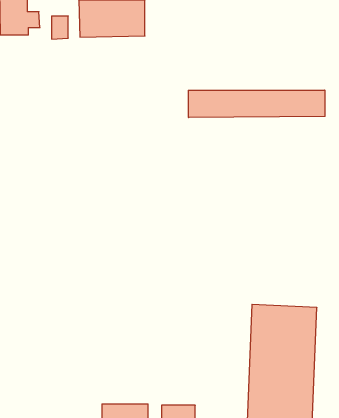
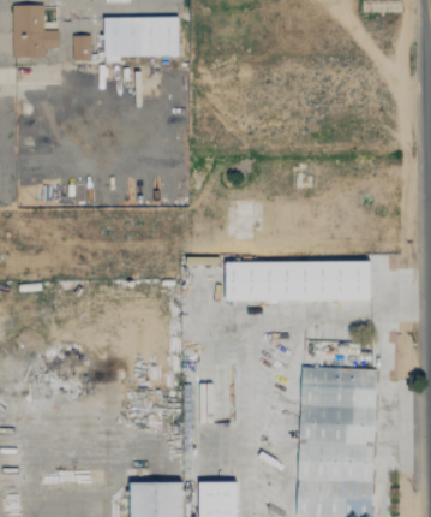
building: [188,90,325,118] -> none
building: none -> [225,261,371,301]

